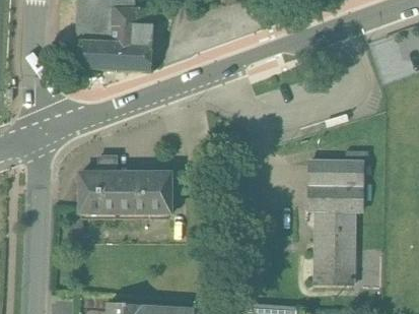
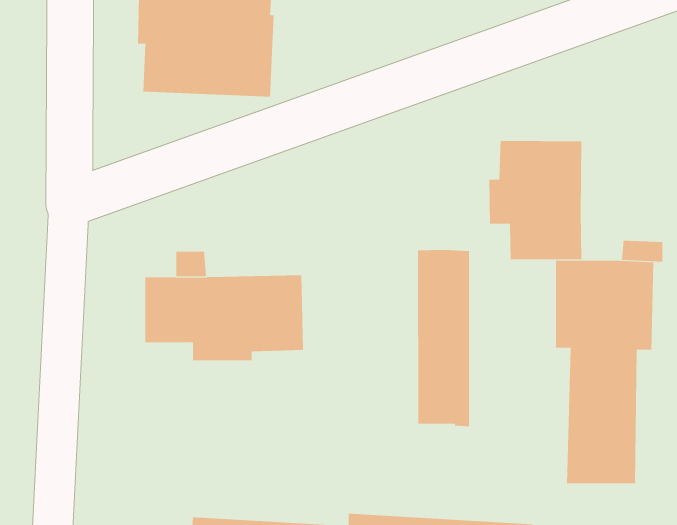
building: none -> [489,140,582,260]
building: none -> [418,249,470,427]

